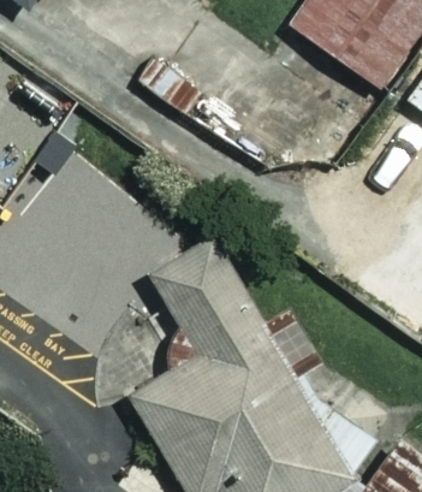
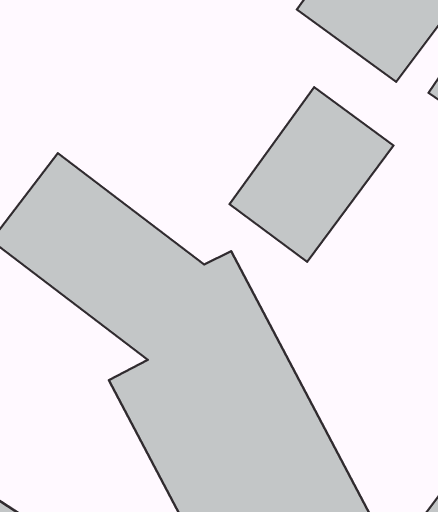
building: none -> [229,87,393,262]

